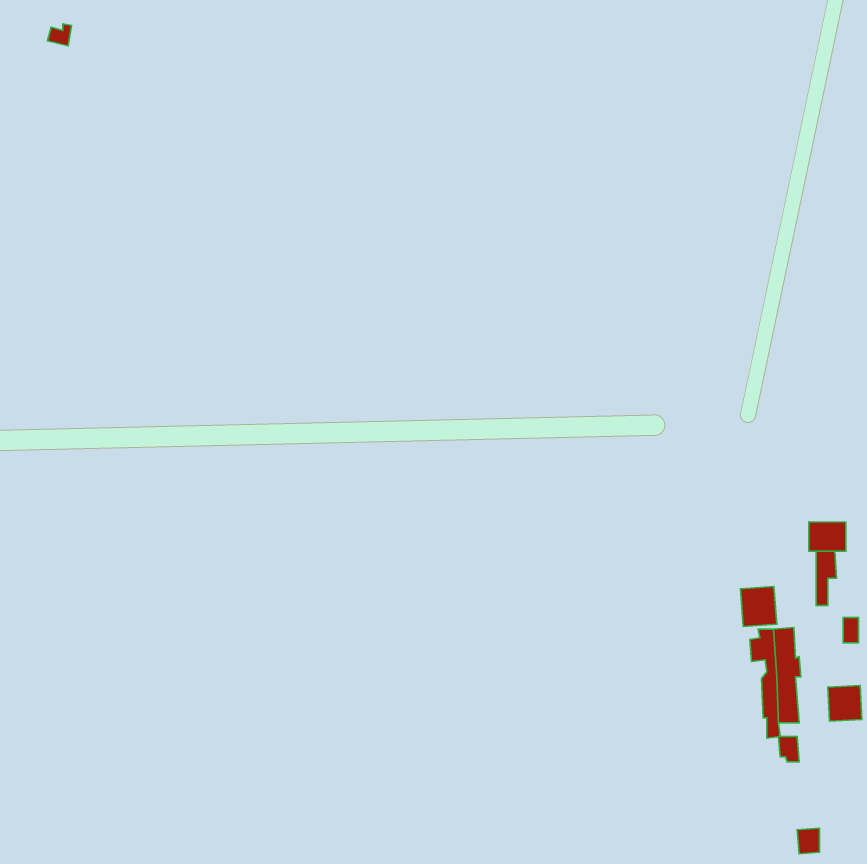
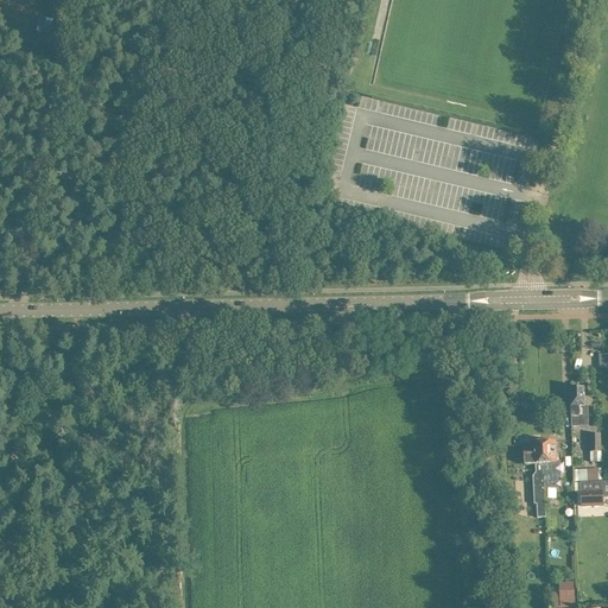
building: [809,522,846,551] -> none
building: [741,587,777,627] -> none

